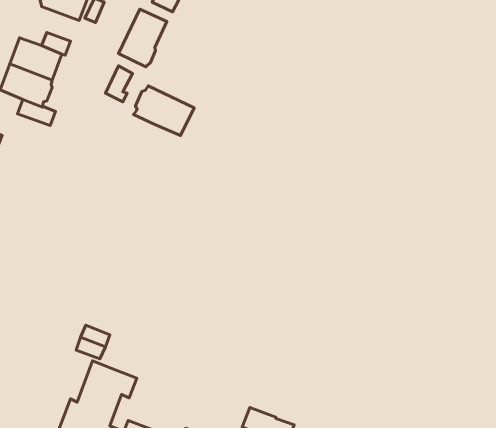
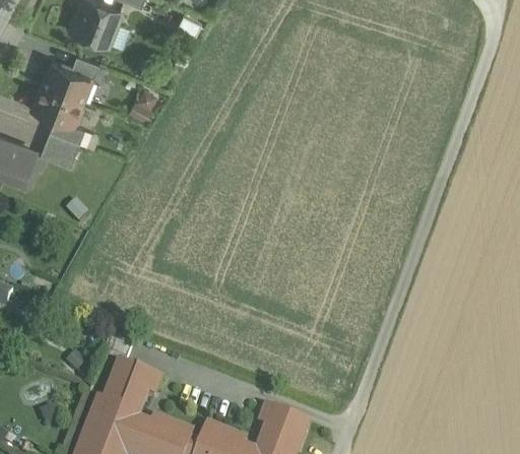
building: [118,9,167,67] -> none
building: [134,86,194,136] -> none
building: none -> [41,130,80,165]

